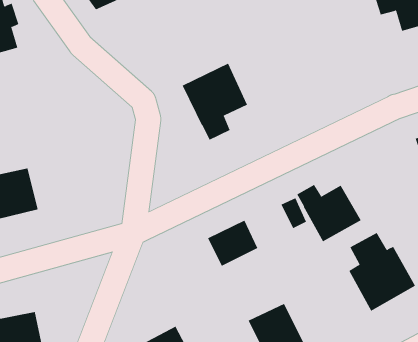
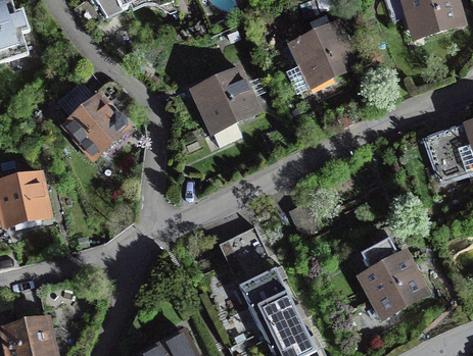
building: none -> [287,22,357,88]
building: none -> [65,94,127,157]
building: [297,184,361,242] -> none
building: none -> [239,268,295,326]

